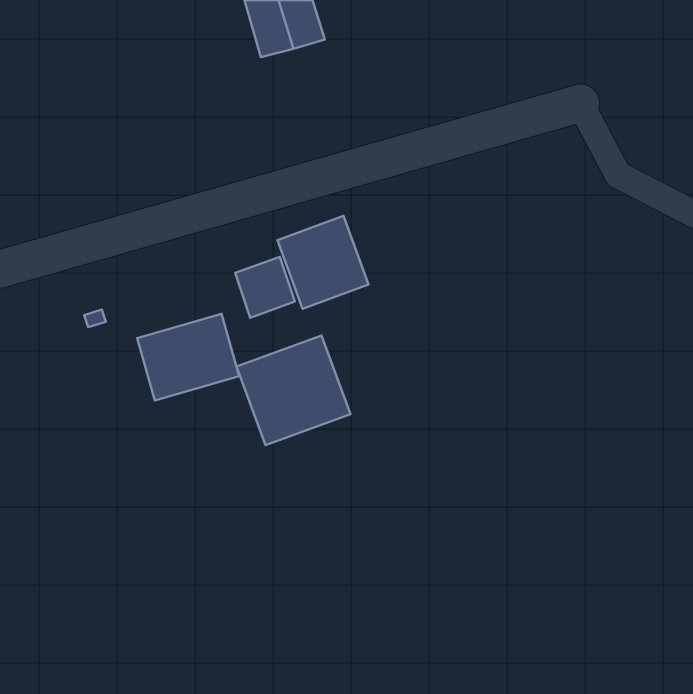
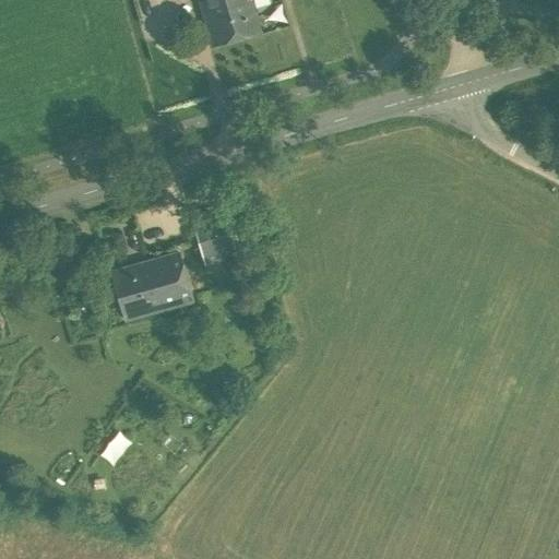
building: [277,216,368,309] -> none
building: [236,336,350,445] -> none

